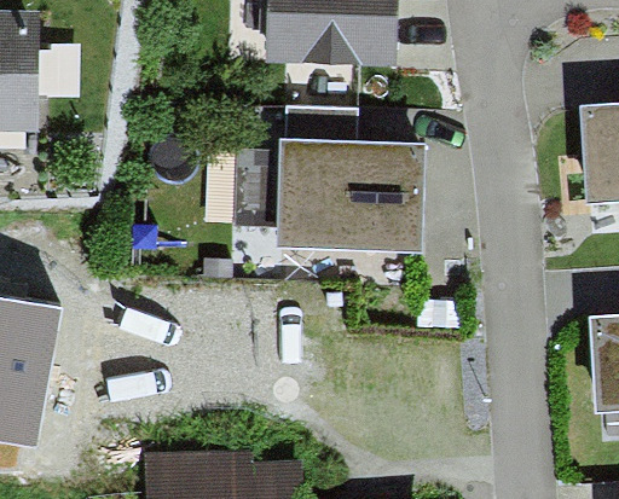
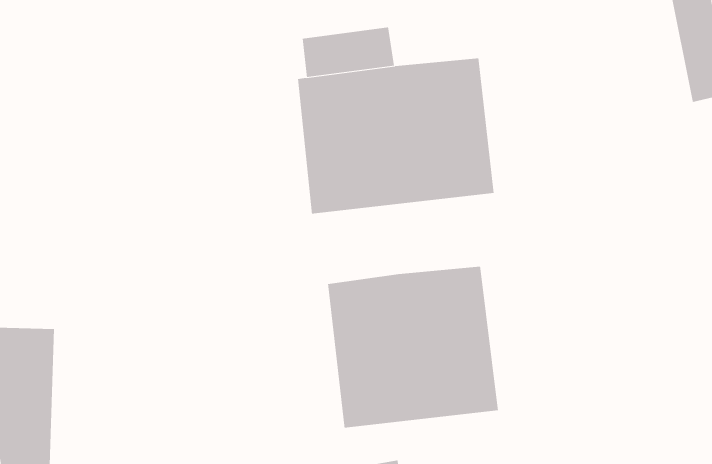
building: none -> [327,266,498,429]

